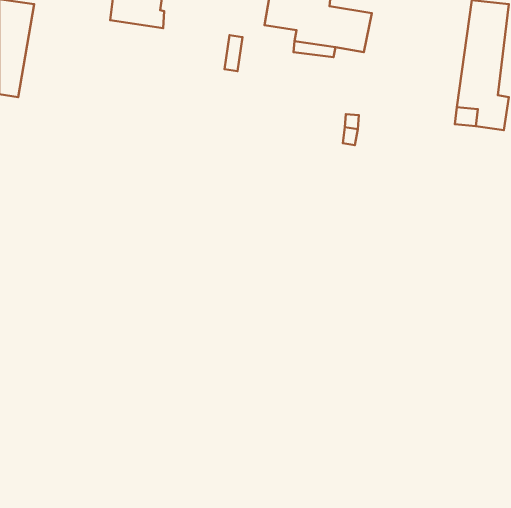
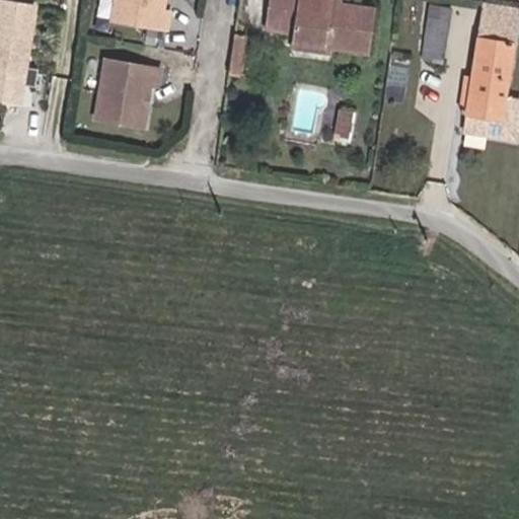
building: none -> [427,6,453,54]
building: none -> [95,61,158,128]

